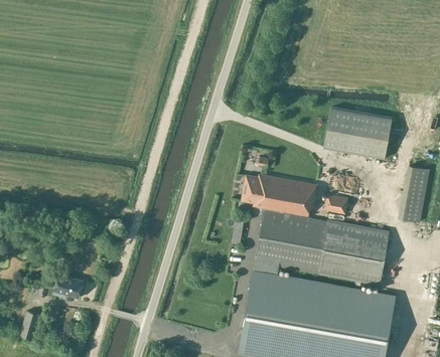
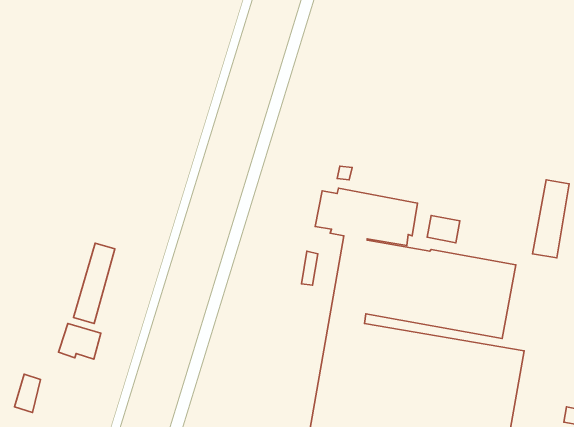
building: [323,109,392,161] -> none
building: none -> [73,243,115,324]

